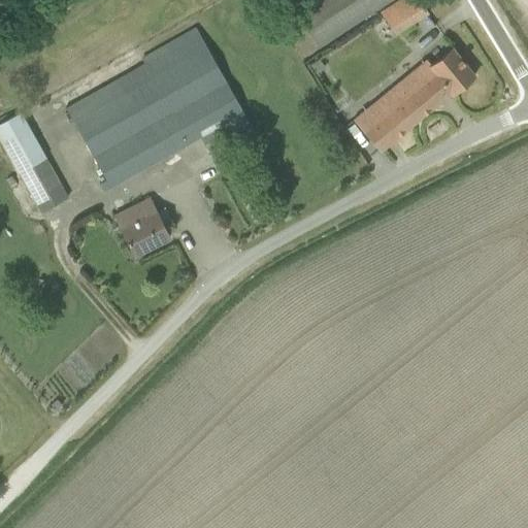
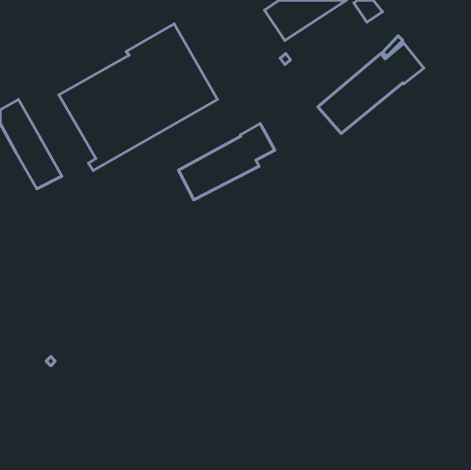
building: none -> [178,123,275,200]
building: [121,199,169,256] -> none

